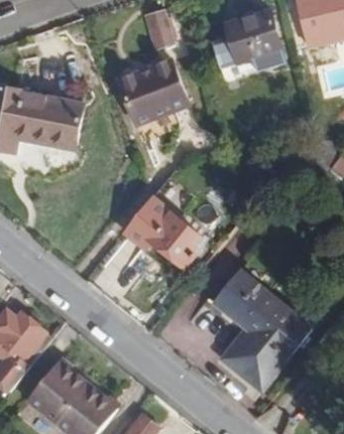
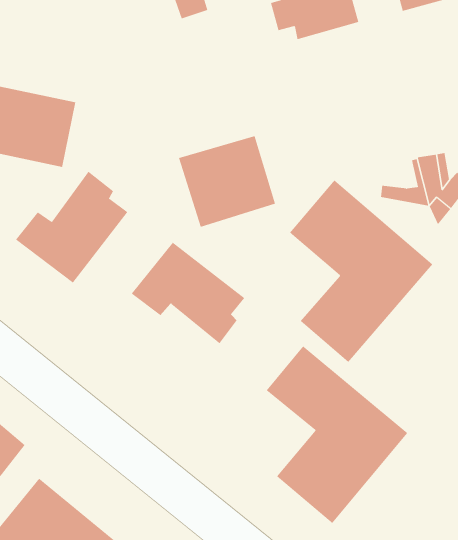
building: [123,61,190,124] -> [178,135,276,227]
building: none -> [15,171,128,283]
building: none -> [289,180,433,363]

